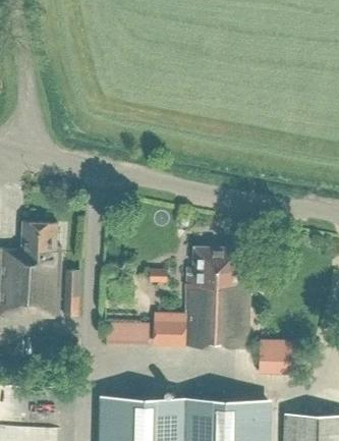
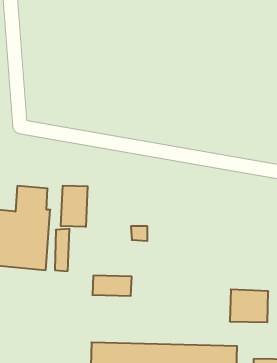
building: none -> [61,186,88,227]
building: [153,250,245,347] -> none

